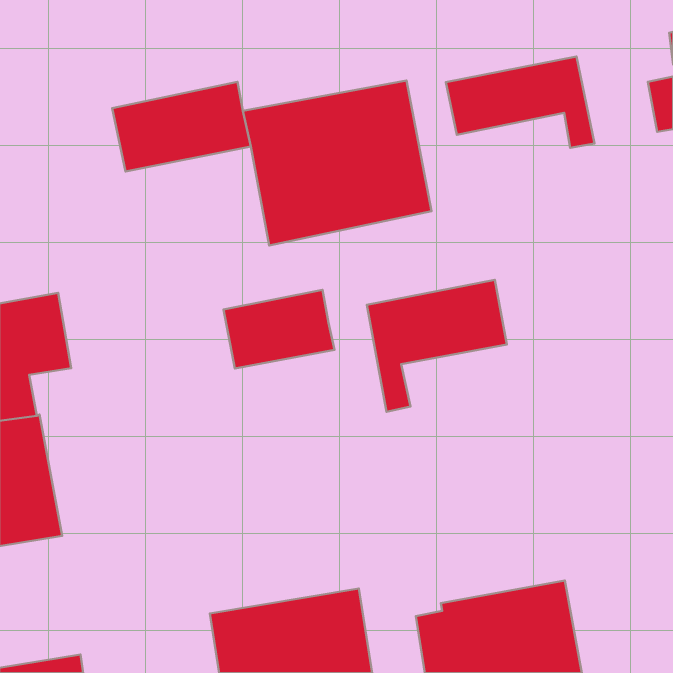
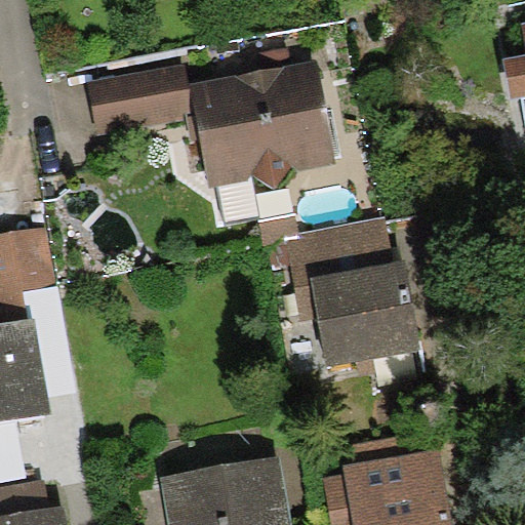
building: [446,57,595,148] -> none
building: [223,290,334,369] -> none
building: none -> [312,266,420,370]

